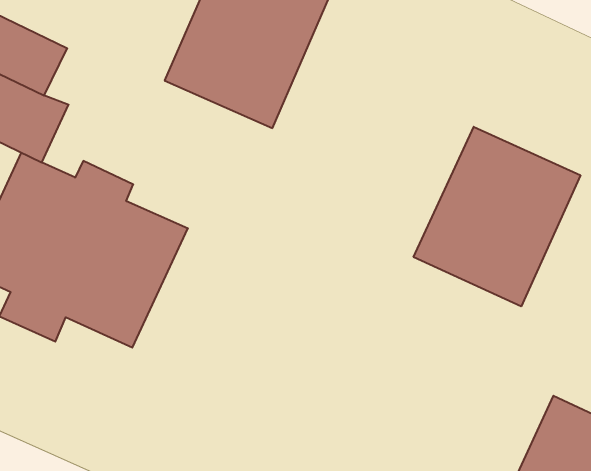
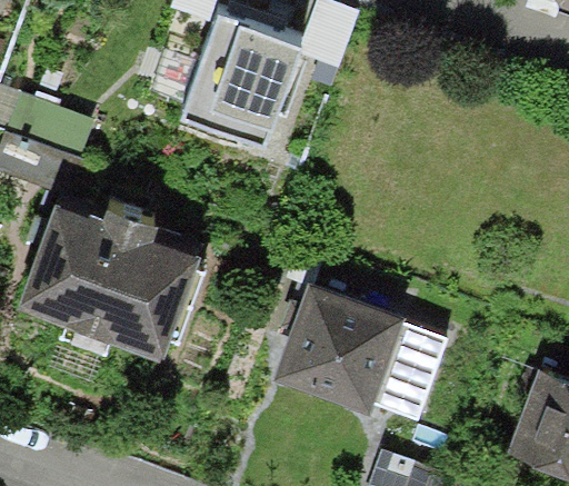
building: [414,127,580,306] -> none
building: none -> [277,280,435,410]

